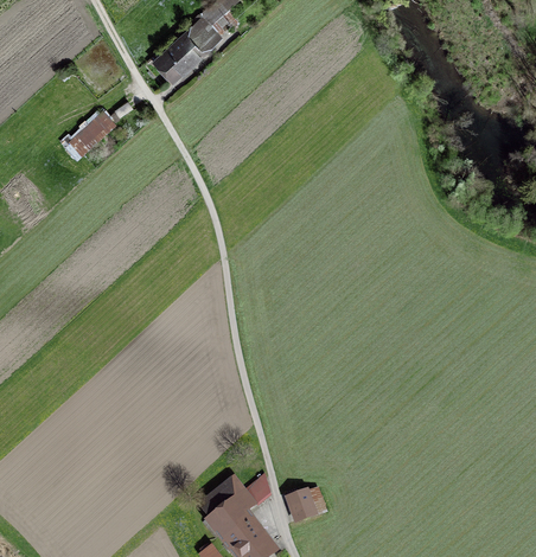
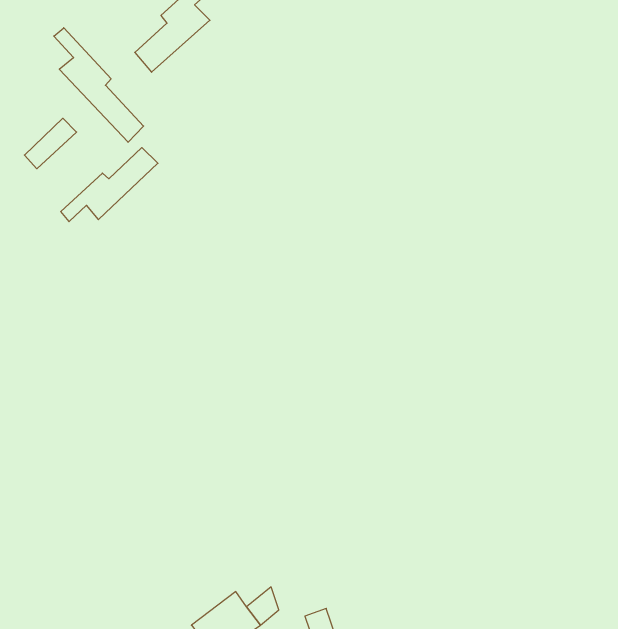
building: none -> [54,28,144,142]
building: none -> [61,148,158,222]

